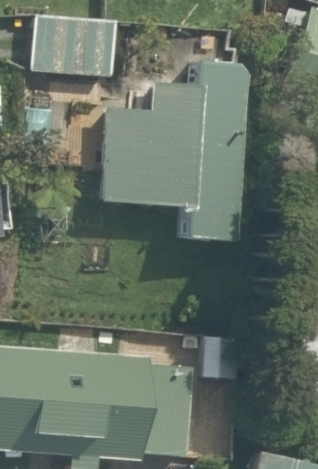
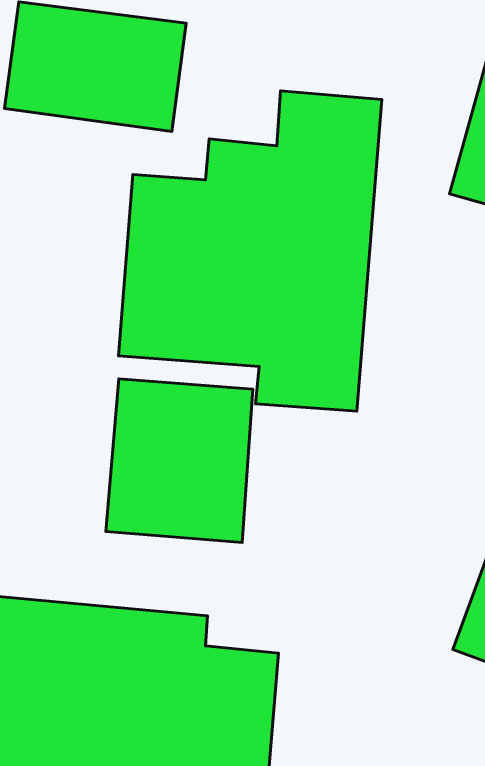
building: none -> [106,379,253,542]

